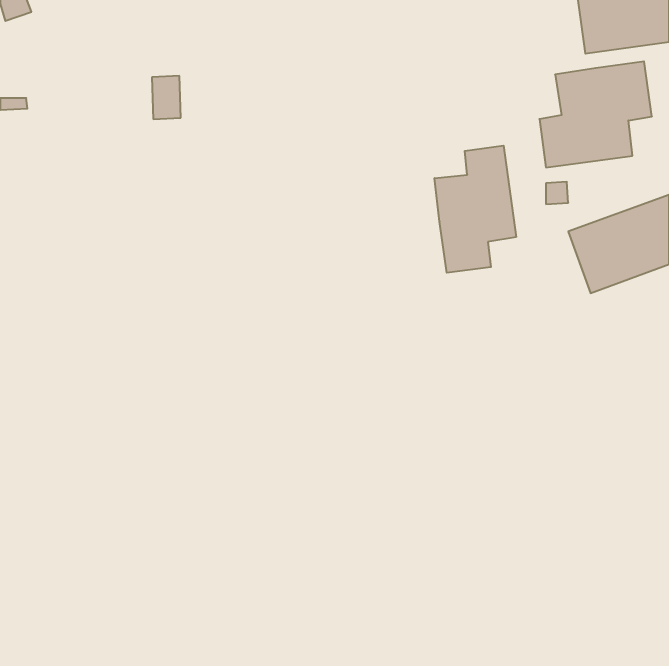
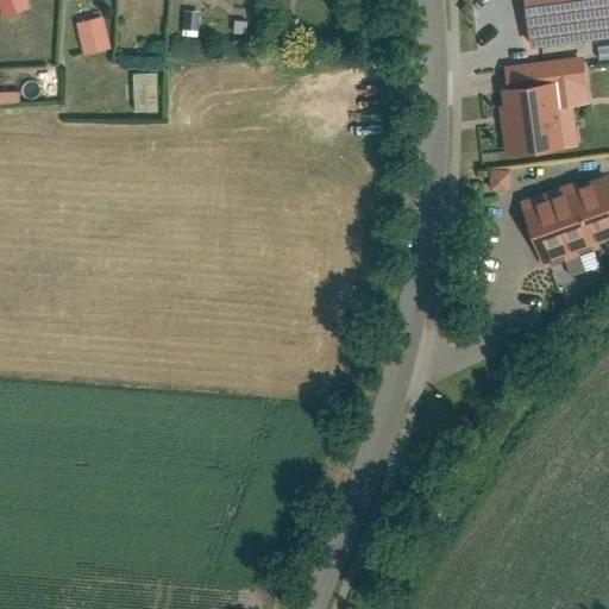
building: none -> [81,12,117,52]
building: [435,146,516,273] -> none

